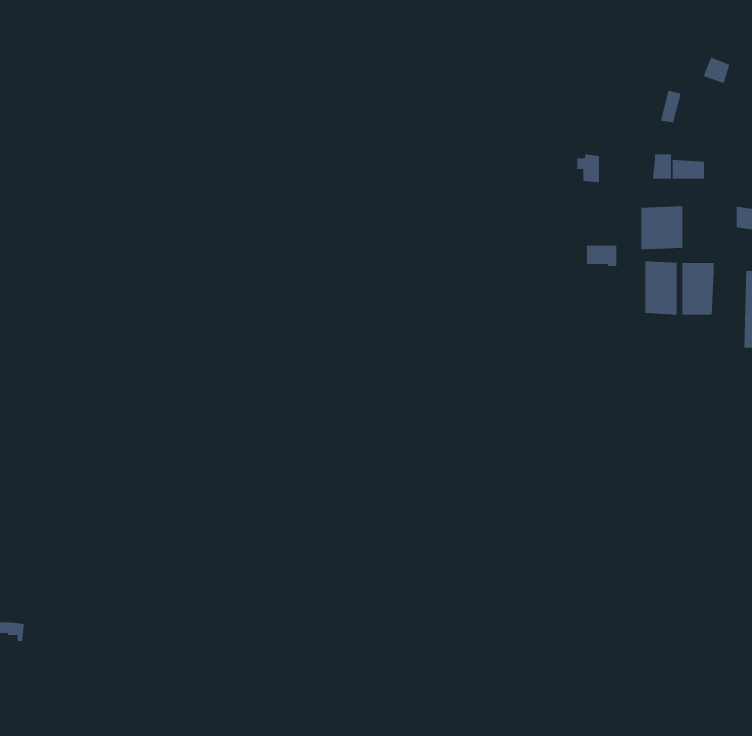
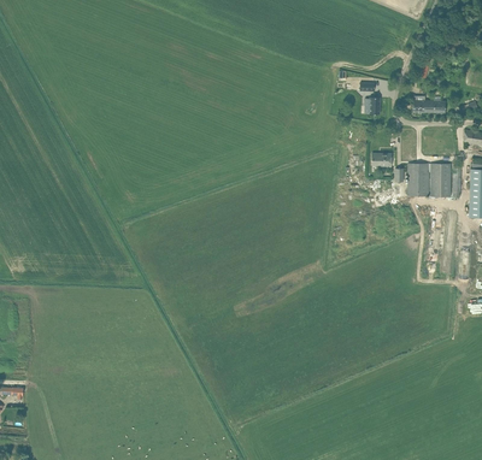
building: [641,205,683,250] -> none

